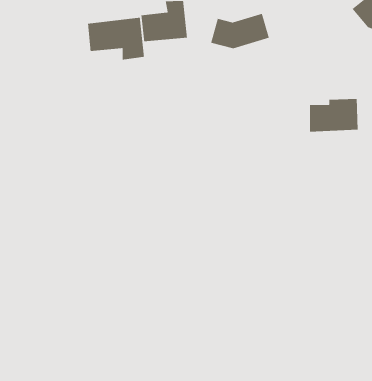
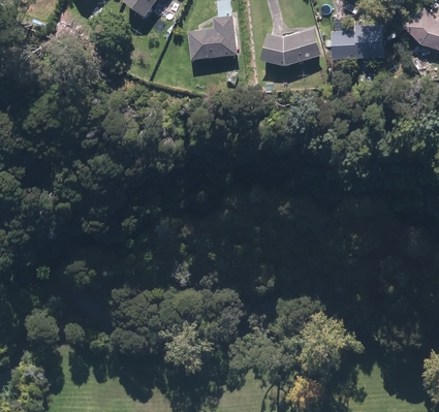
building: [87,17,145,61] -> none
building: [309,98,359,132] -> [332,24,382,59]

